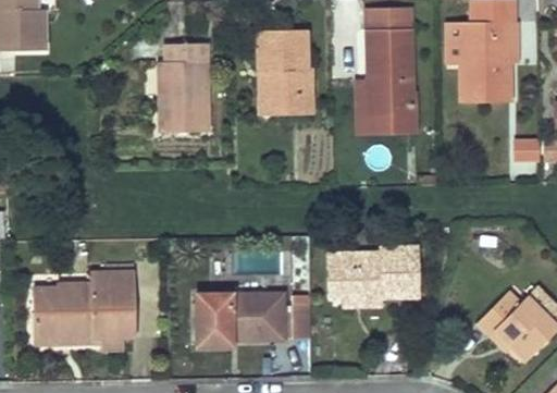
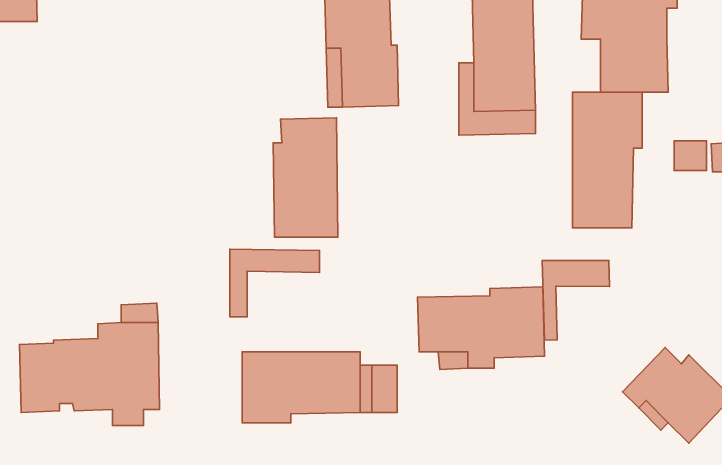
building: [160,44,208,132] -> [273,118,338,237]
building: none -> [572,92,642,228]
building: none -> [230,249,320,317]
building: none -> [542,260,610,340]

